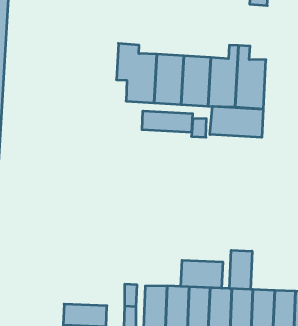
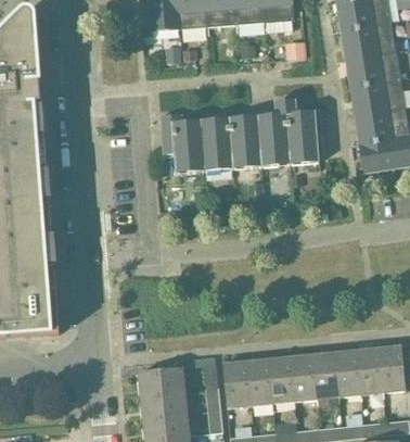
building: [210,106,263,137] -> none
building: [142,111,193,132] -> none
building: [230,250,252,289] -> none
building: [181,260,223,288] -> none
building: none -> [139,366,185,393]

